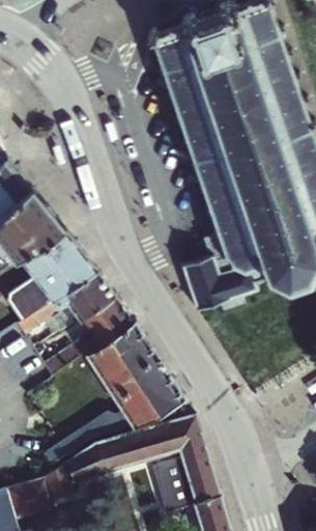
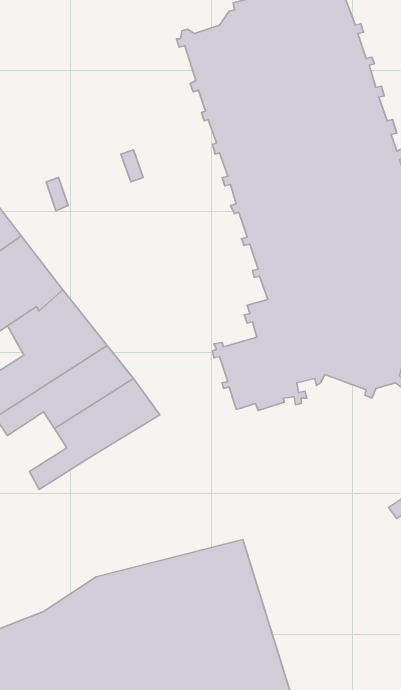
building: [38,323,185,462] -> none

